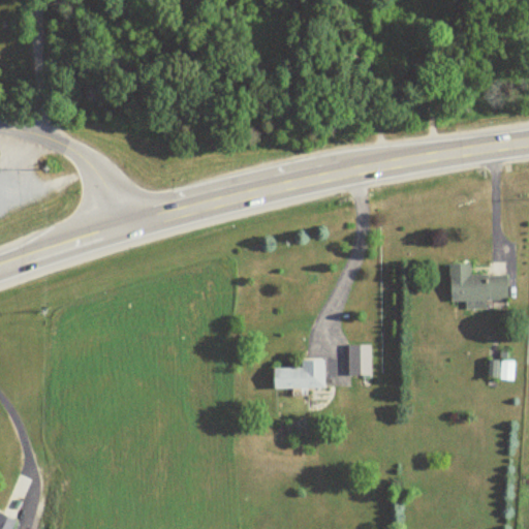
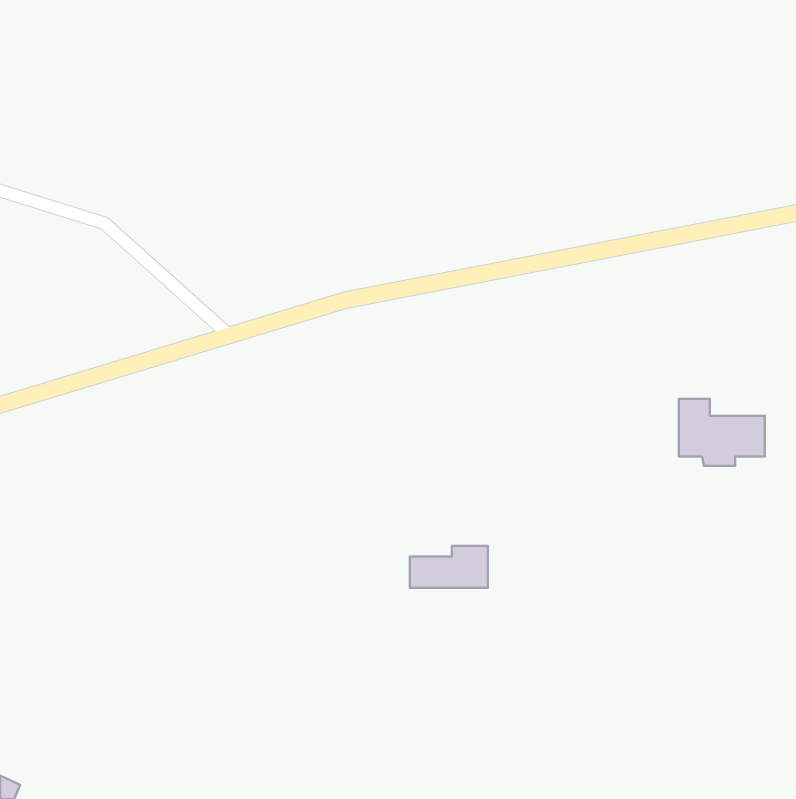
building: [349,344,371,376] -> none
building: [489,361,516,379] -> none

